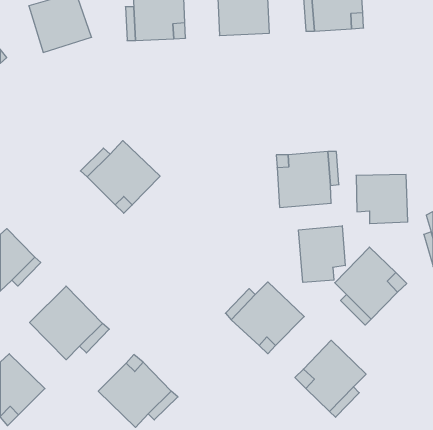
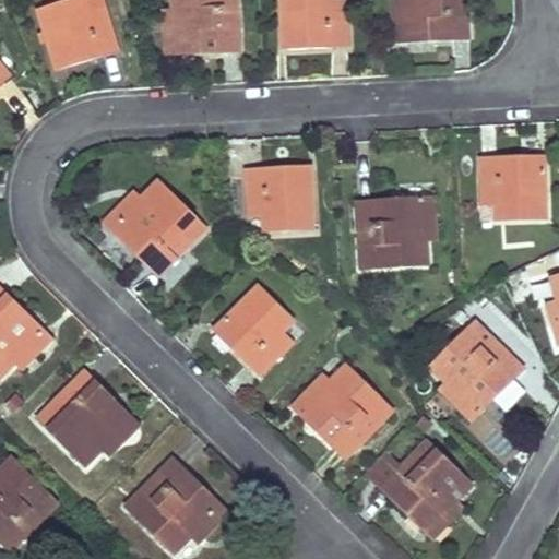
building: none -> [246,165,312,229]
building: [356,175,408,224] -> [479,155,546,218]
building: none -> [214,284,292,373]
building: [299,226,345,282] -> none

